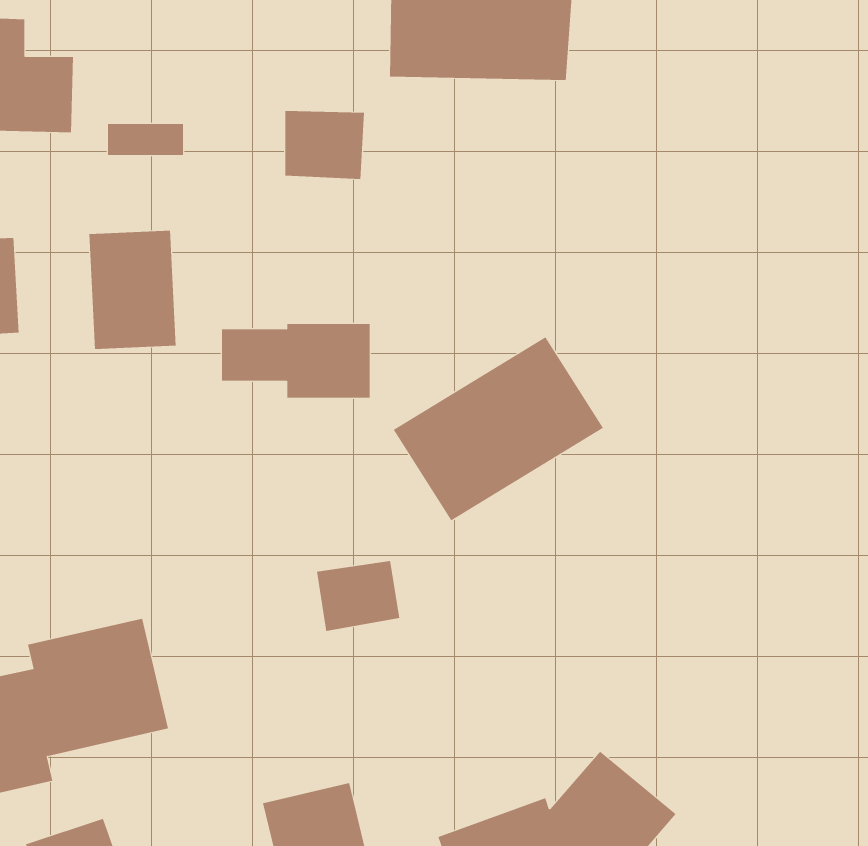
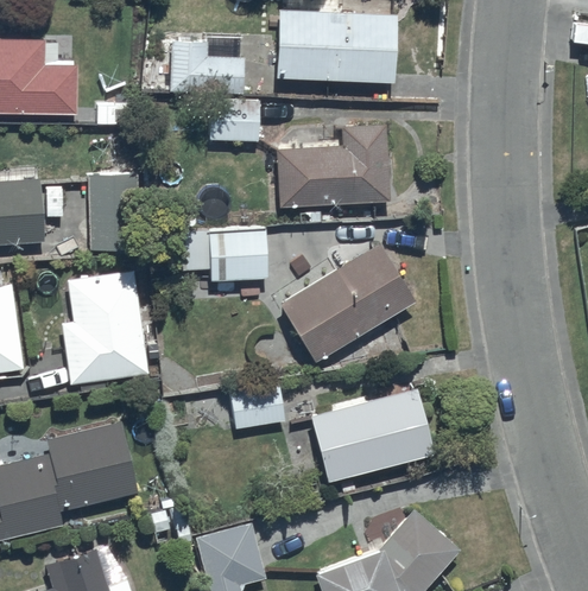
building: none -> [171,40,246,95]
building: none -> [279,125,386,205]
building: none -> [63,273,150,386]
building: none -> [309,388,432,482]

